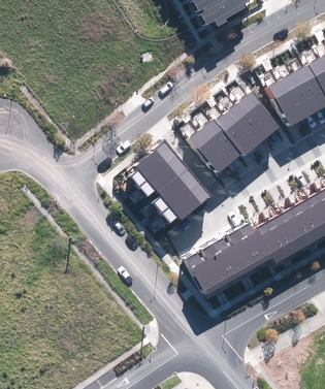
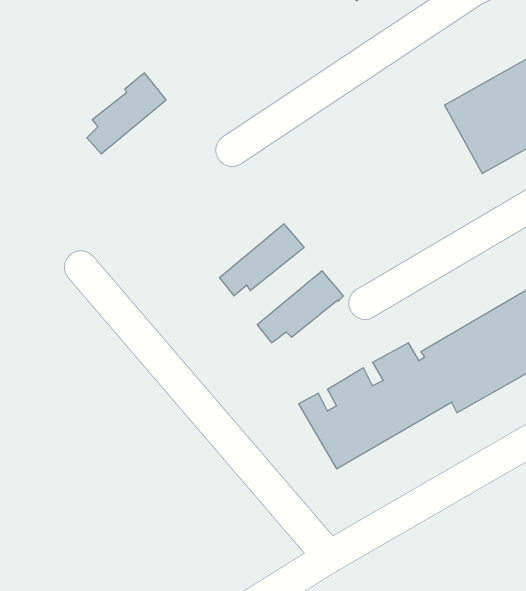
building: [189,91,280,173] -> none
building: [131,139,176,186] -> [87,73,166,154]
building: [153,168,198,213] -> none

